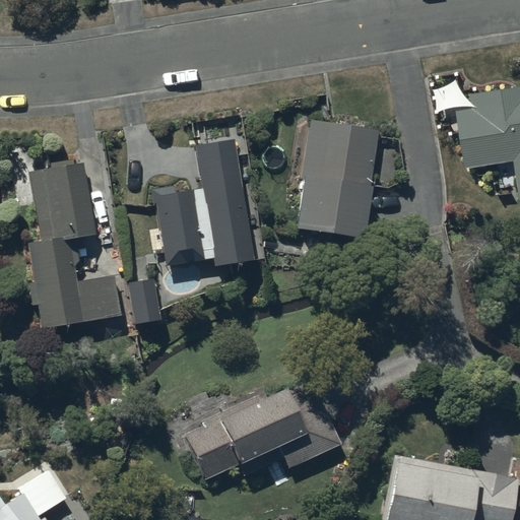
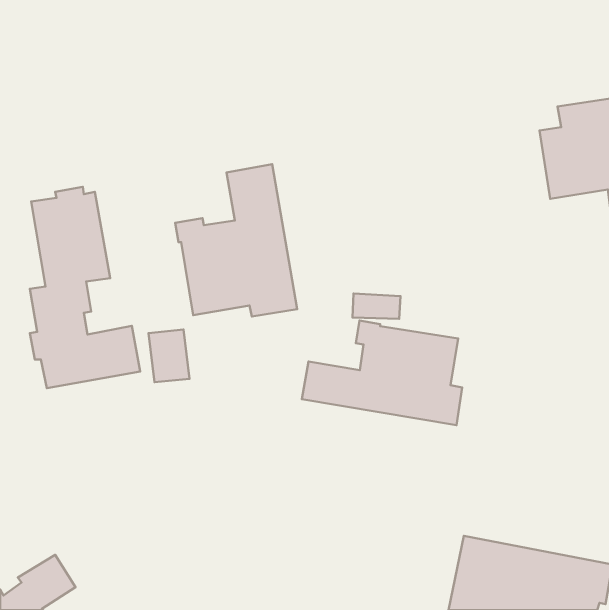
building: [292,120,380,241] -> none
building: none -> [302,320,462,425]
building: [185,388,343,484] -> none

